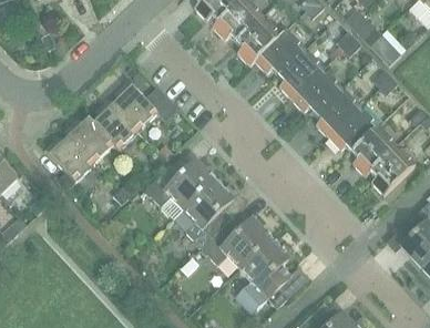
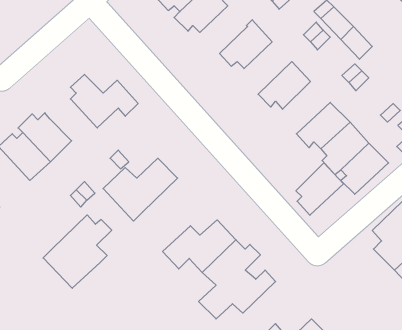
building: [236,13,281,63] -> none
building: [278,48,324,98] -> none
building: [315,85,360,135] -> [296,163,344,215]
building: [93,96,139,147] -> none
building: [173,177,238,247] -> [43,215,112,288]

